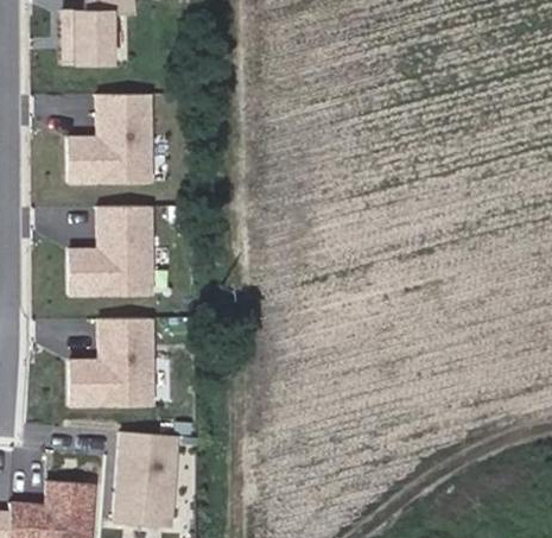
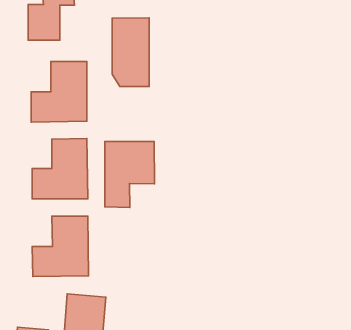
building: none -> [112,18,149,87]
building: none -> [105,142,155,207]

